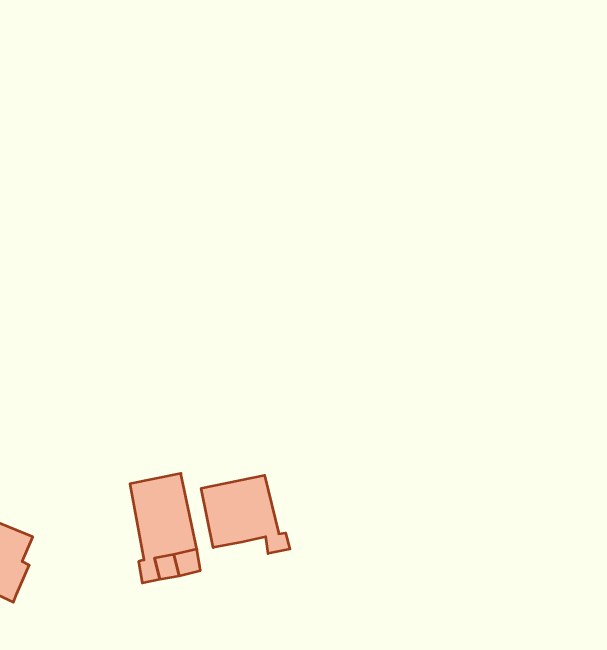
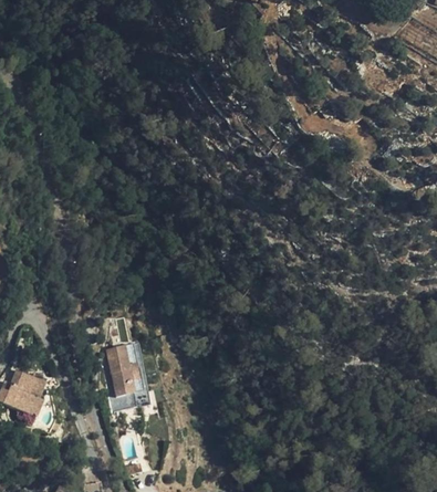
building: [201,475,290,554] -> none

